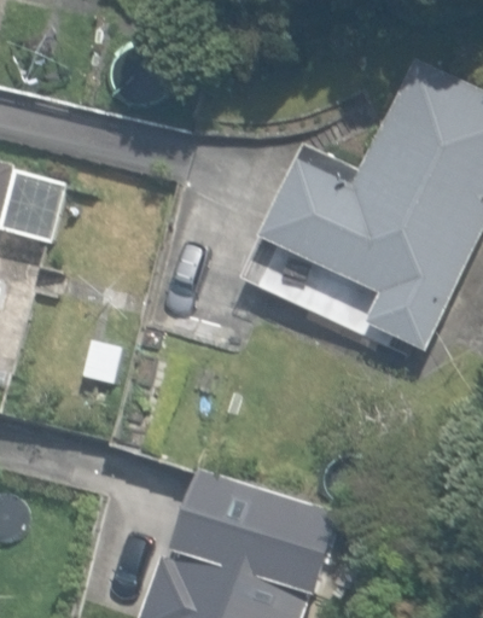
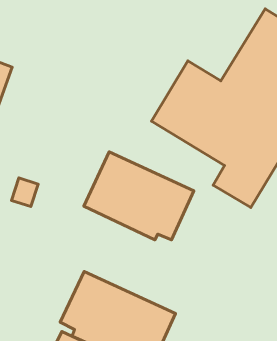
building: none -> [84,152,194,240]

